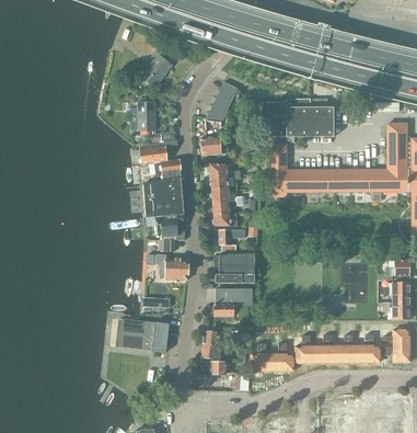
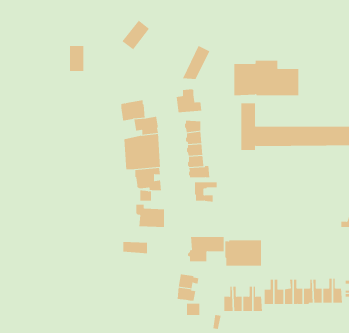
building: [138,102,154,130] -> [69,45,84,72]
building: [213,254,254,283] -> [224,240,262,266]
building: [117,315,169,352] -> none

